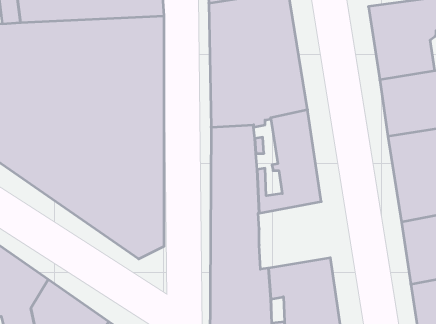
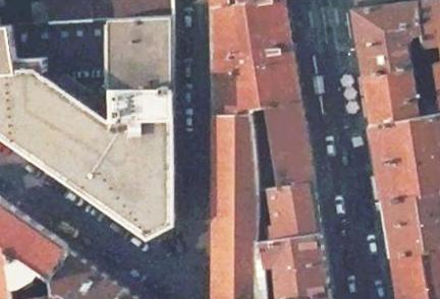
building: none -> [254,184,318,244]

